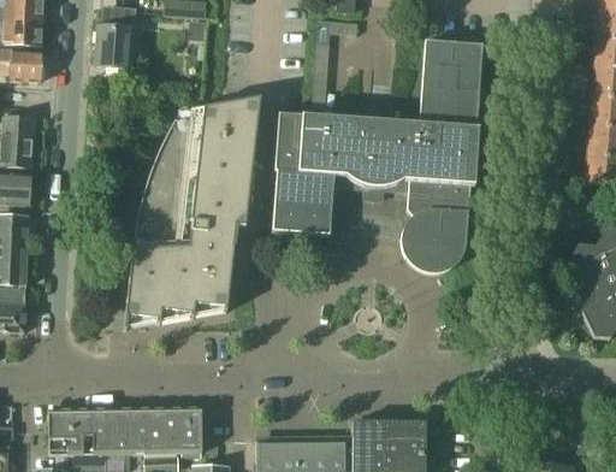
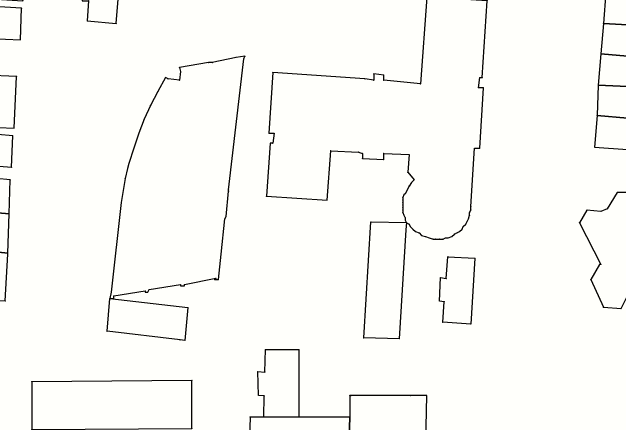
building: none -> [364,222,406,339]
building: none -> [440,257,475,324]
building: none -> [107,298,188,340]
building: none -> [258,350,299,417]

